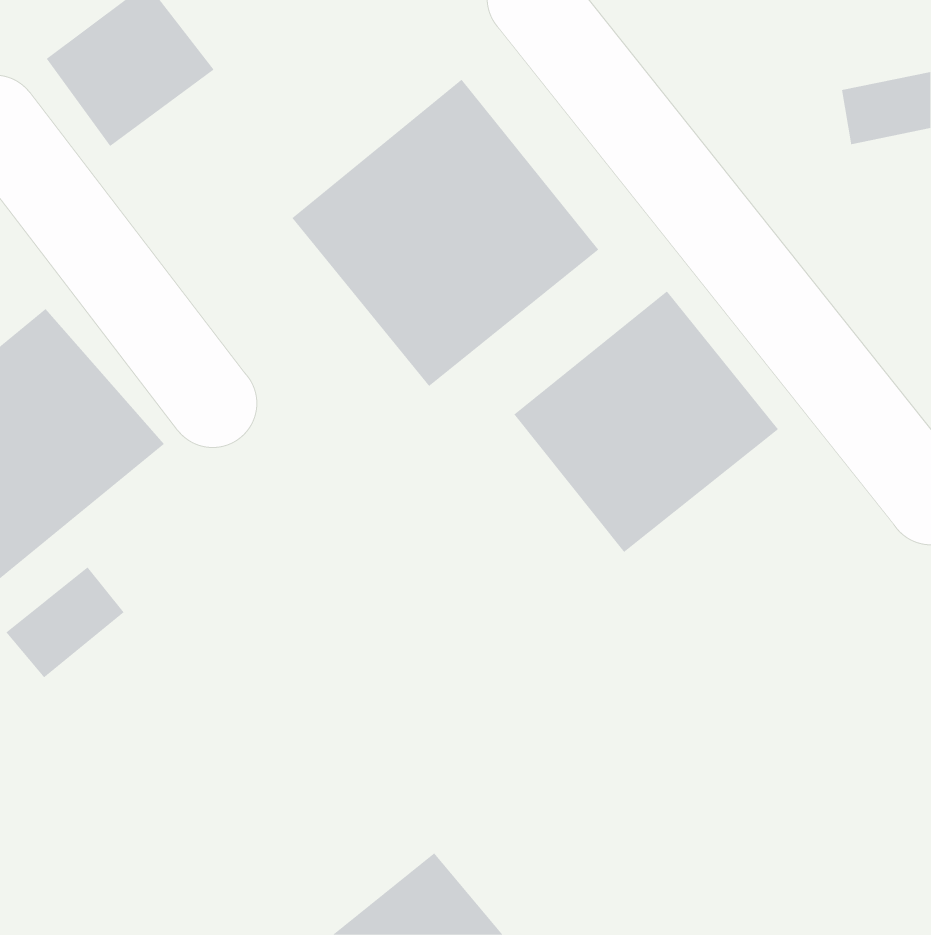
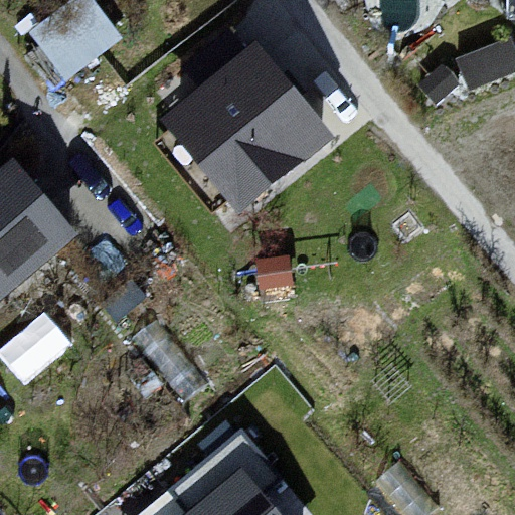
building: [514,291,779,553] -> none

